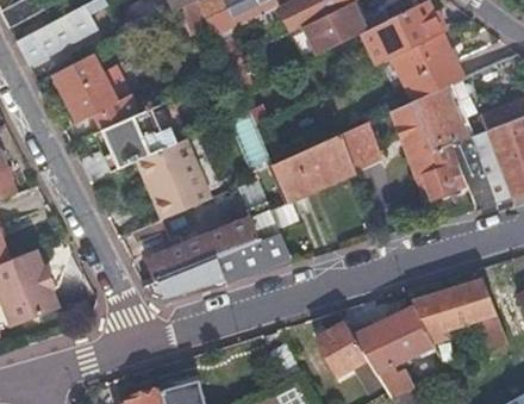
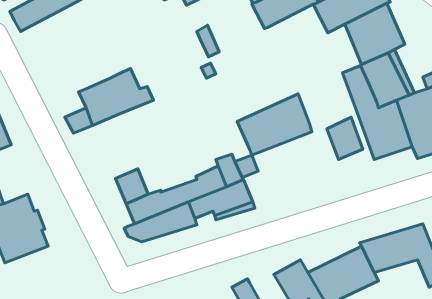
building: [52,52,139,129] -> none
building: [342,122,382,169] -> [327,117,363,160]
building: [137,138,214,218] -> none

